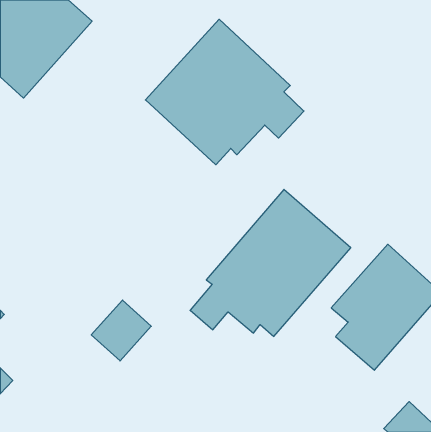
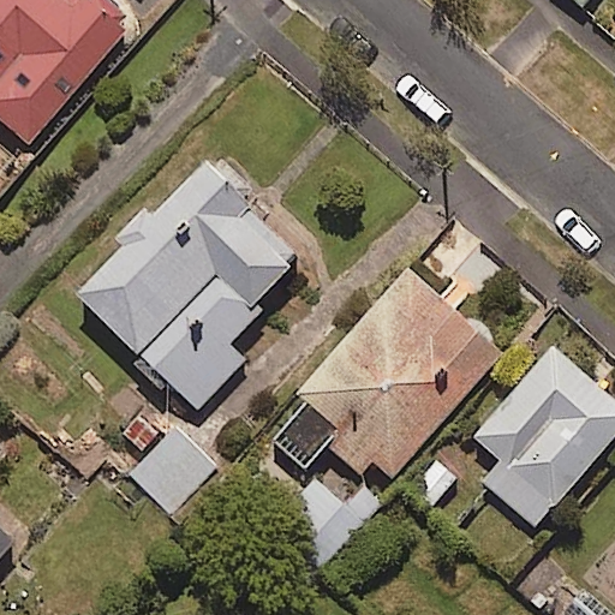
building: [145,19,304,165] -> none
building: none -> [74,153,295,411]

